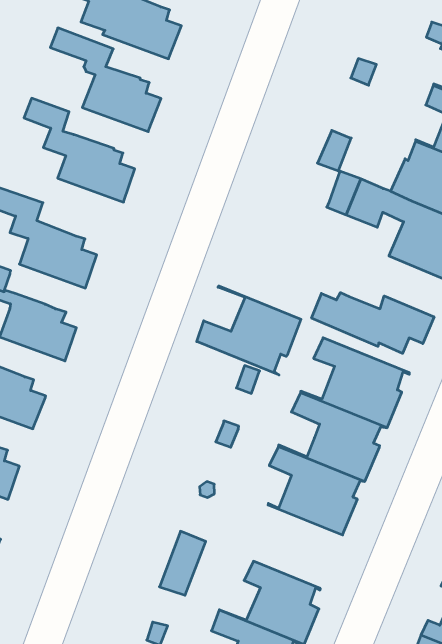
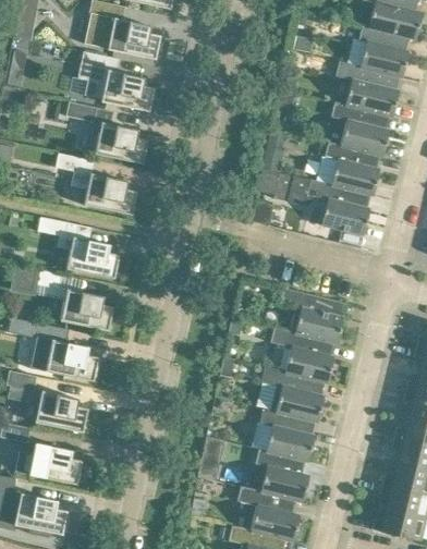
building: [197,286,301,375] -> none
building: [312,293,434,353] -> none
building: none -> [258,408,317,461]

